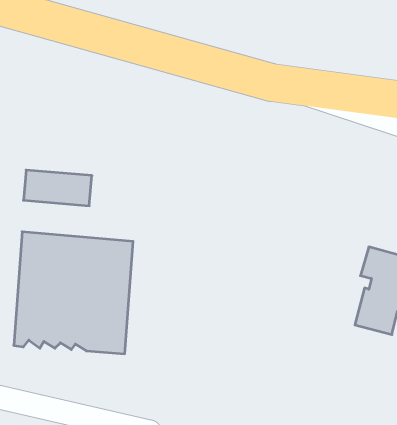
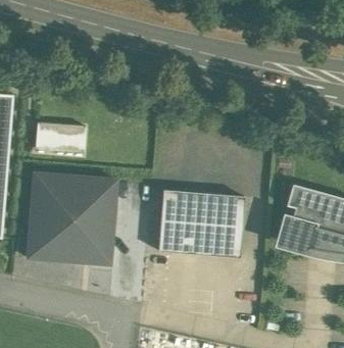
building: none -> [157,191,244,258]

